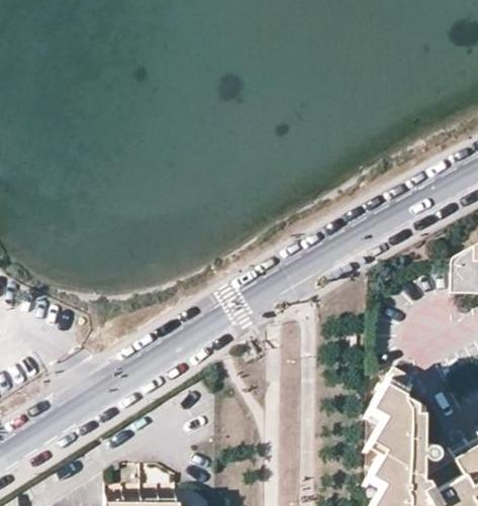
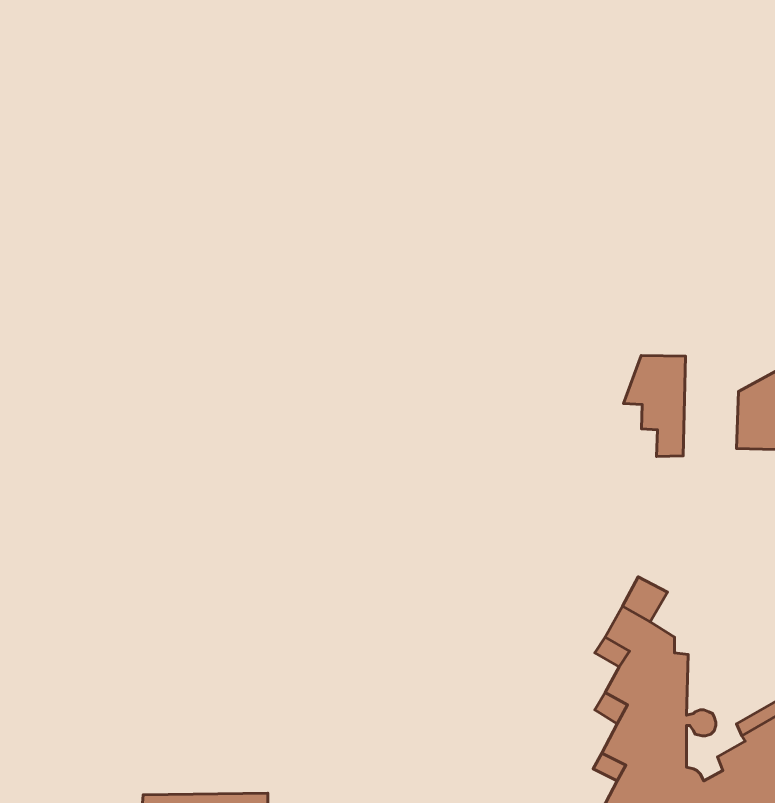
building: none -> [624,356,685,456]

